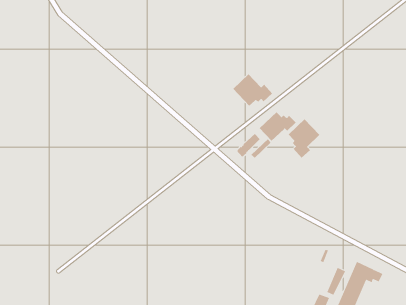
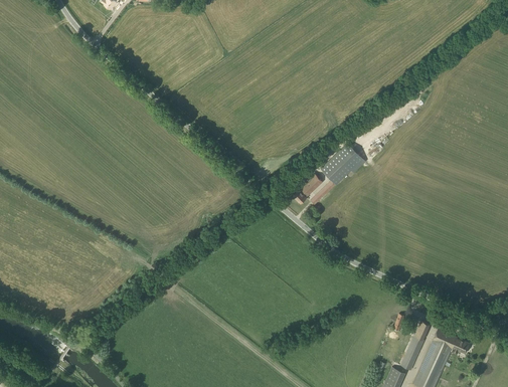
building: [233,74,273,106] -> none
building: [288,119,320,158] -> none

